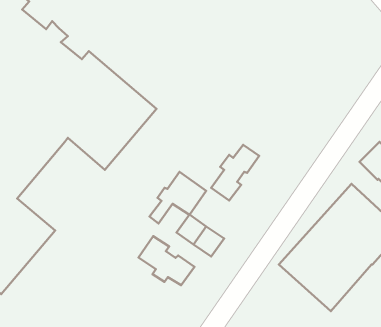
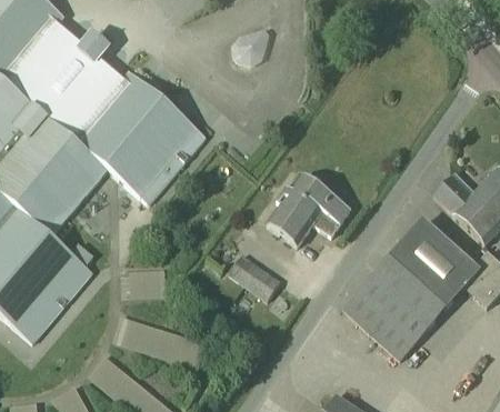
building: [150,172,206,224] -> [288,187,351,244]
building: [138,236,194,285] -> none

